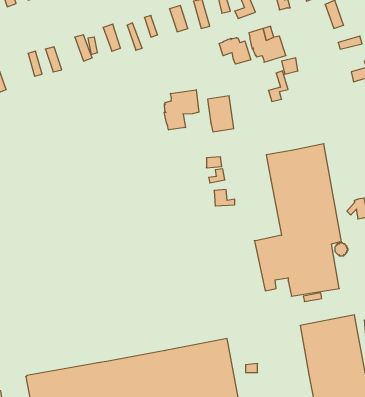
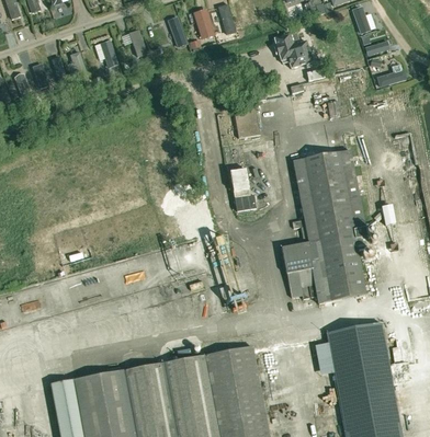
building: [219,38,251,64] -> none
building: [164,90,199,130] -> none

